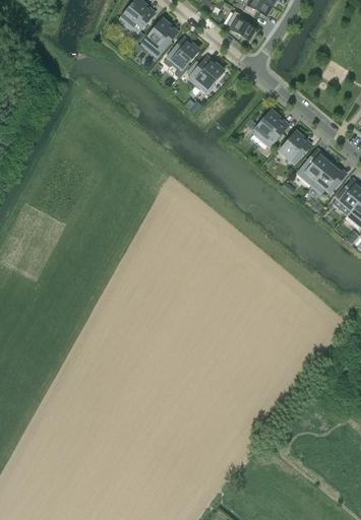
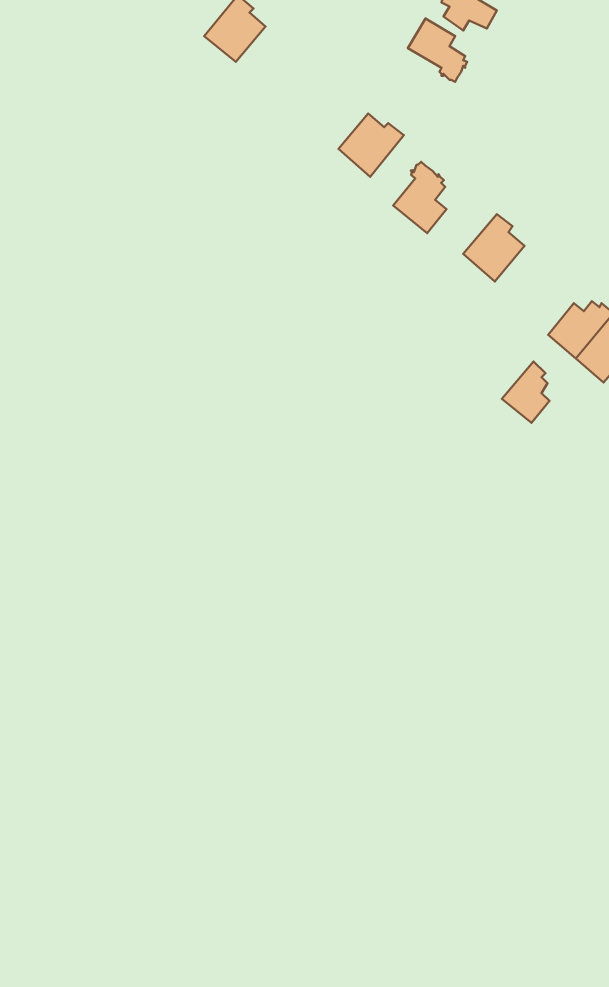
building: [141,19,171,56] -> none
building: [167,44,198,68] -> none
building: none -> [393,162,447,233]
building: [280,131,304,162] -> [502,361,549,423]

